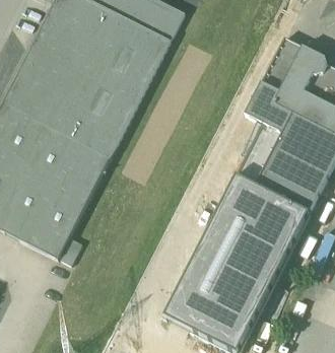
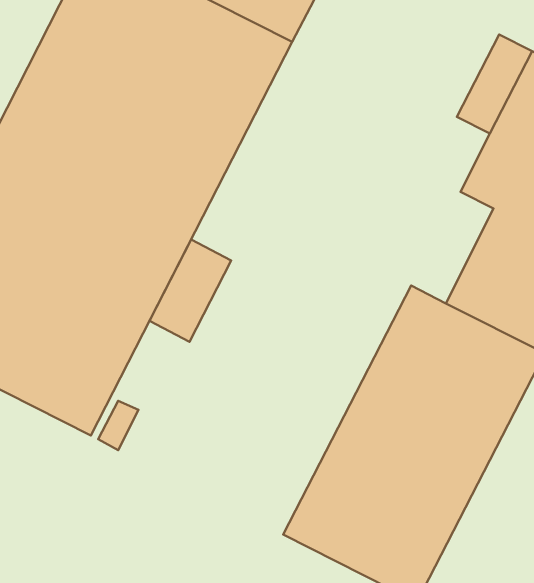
building: [246,81,280,123] -> none
building: none -> [150,240,231,342]

